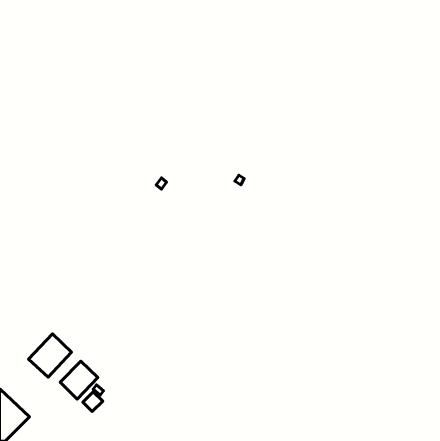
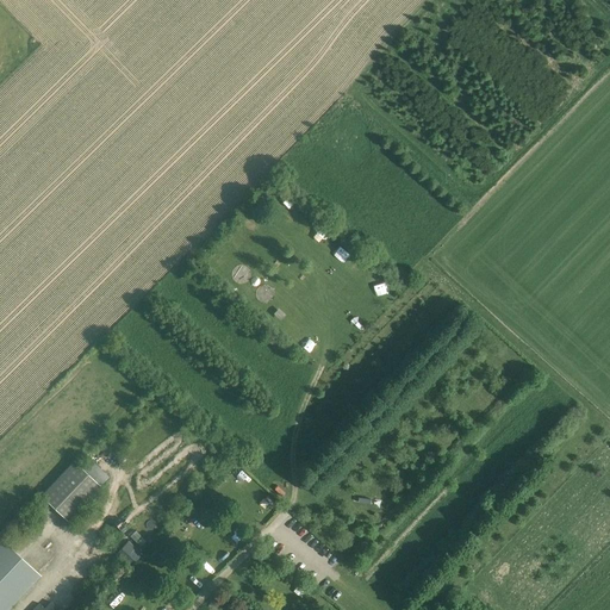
building: [60,361,98,399] -> none

